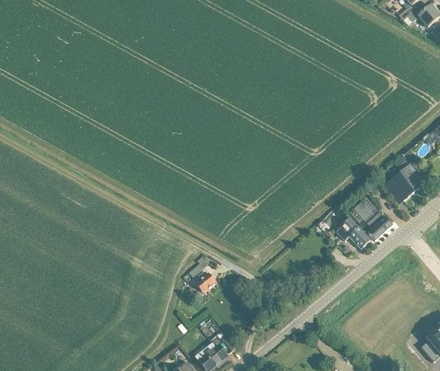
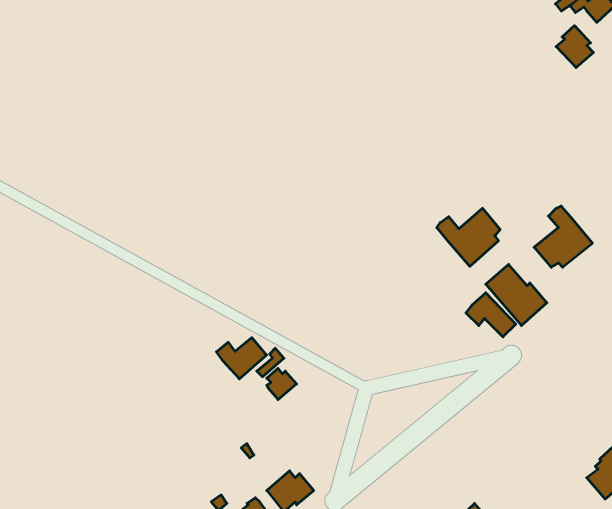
building: none -> [556,26,593,68]
building: none -> [437,208,500,266]
building: none -> [216,338,267,379]

